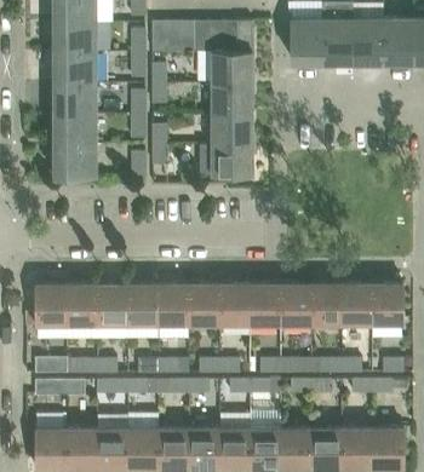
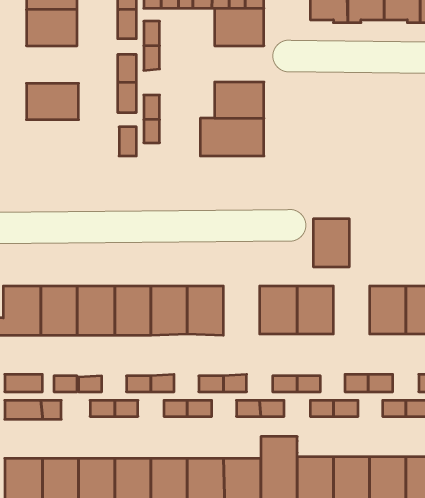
building: [55,84,98,115] -> none
building: [212,84,253,114] -> none
building: [55,145,98,177] -> none
building: [219,284,250,326] -> none
building: [311,284,342,324] -> [313,219,349,267]

